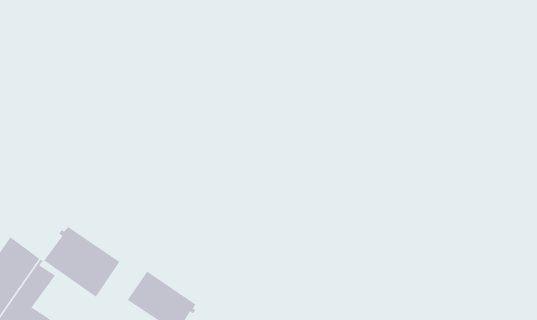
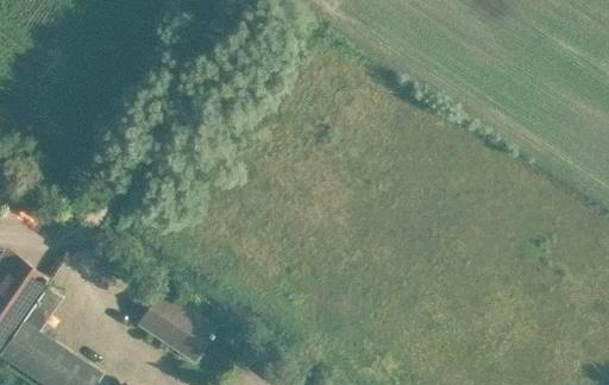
building: [44,226,120,298] -> none

